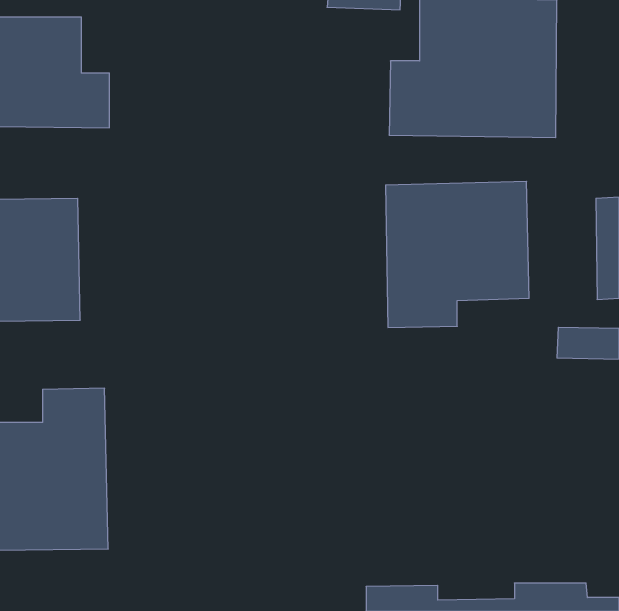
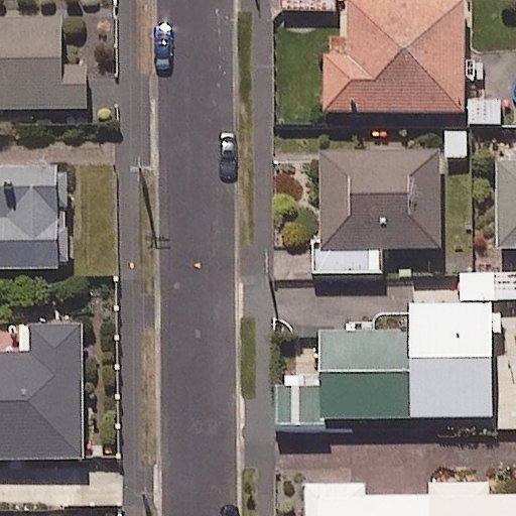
building: none -> [276,304,490,422]

